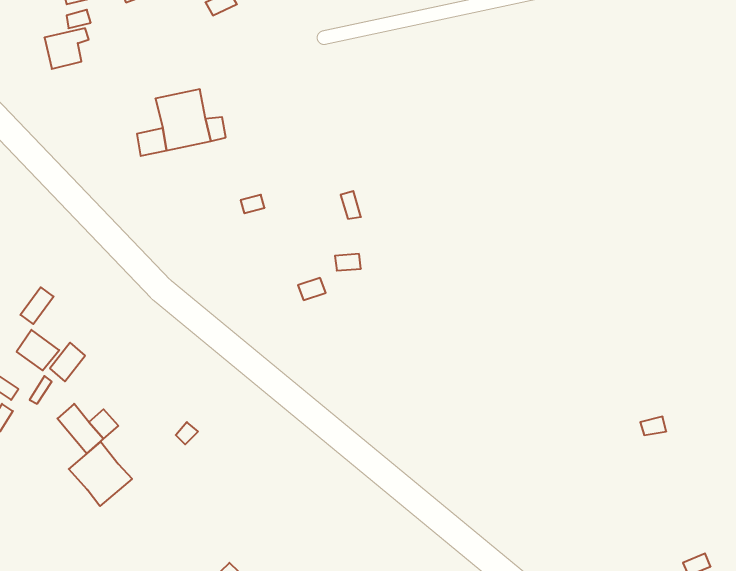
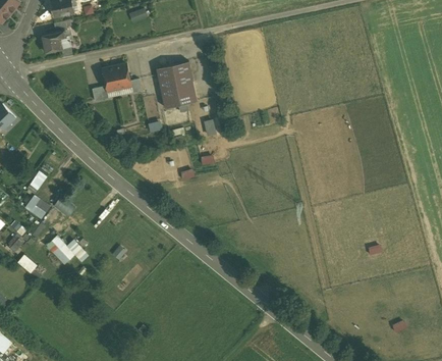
building: none -> [156,62,188,107]
building: [69,442,132,506] -> none

